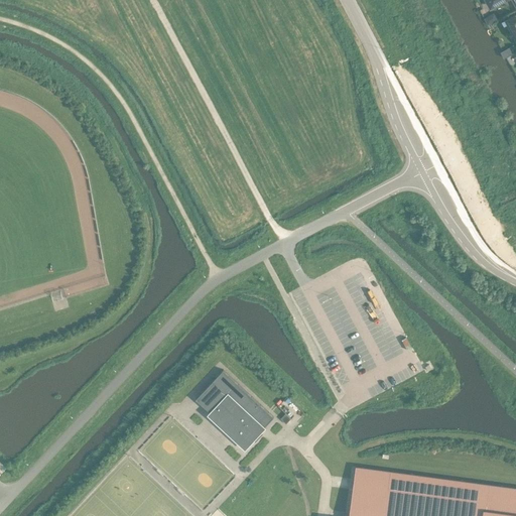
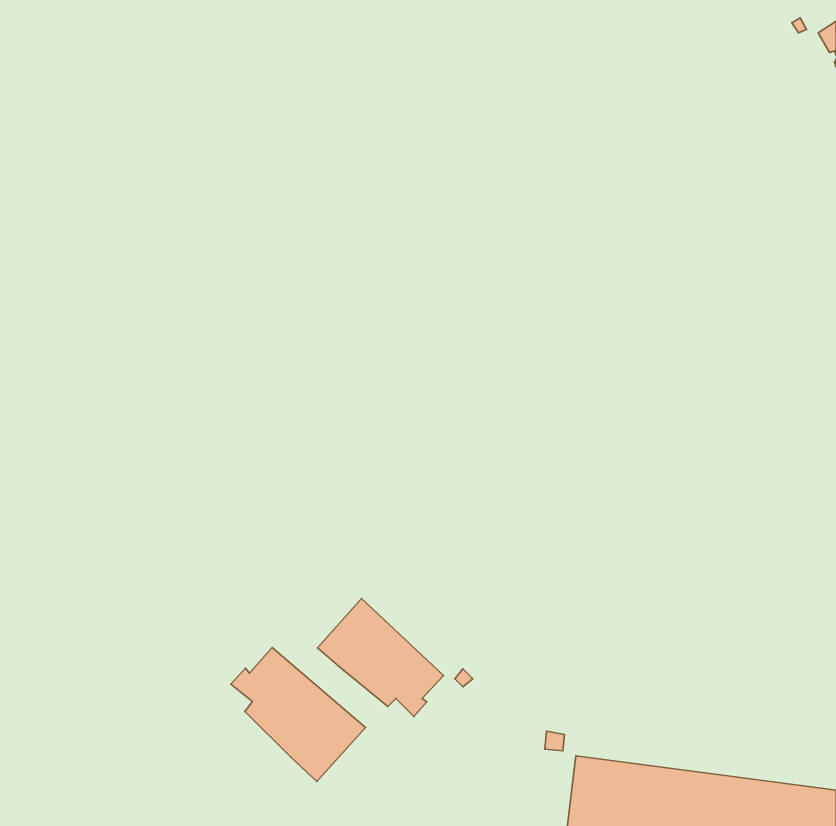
building: none -> [231,647,365,781]

